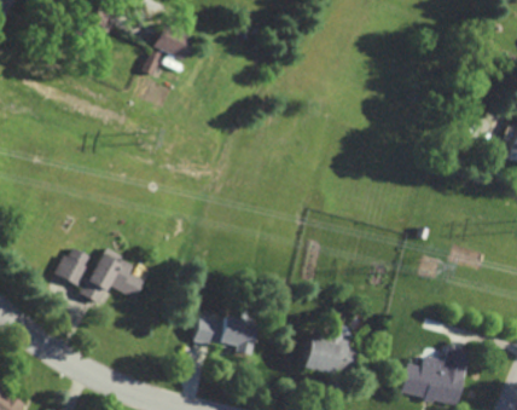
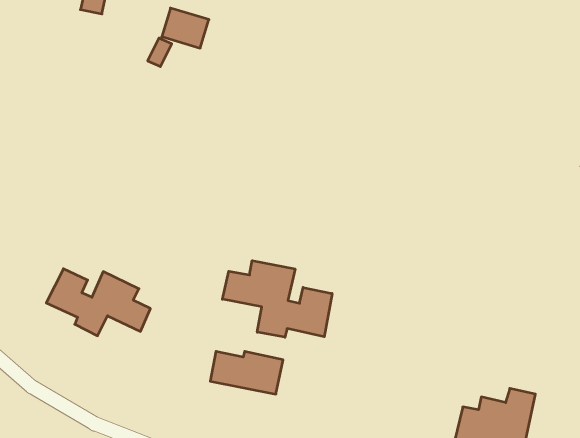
building: none -> [222,261,332,337]
building: [303,335,358,376] -> none

